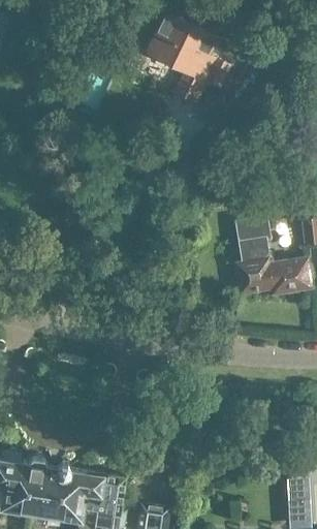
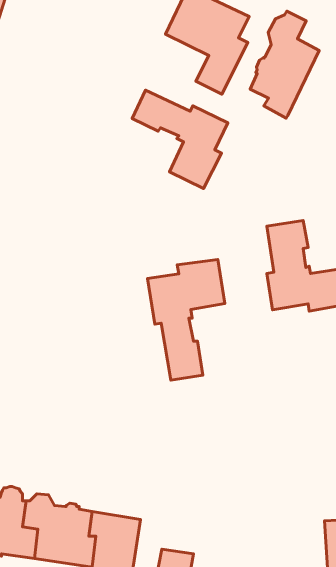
building: none -> [250,11,319,118]
building: none -> [132,90,228,188]
building: none -> [148,259,225,380]

